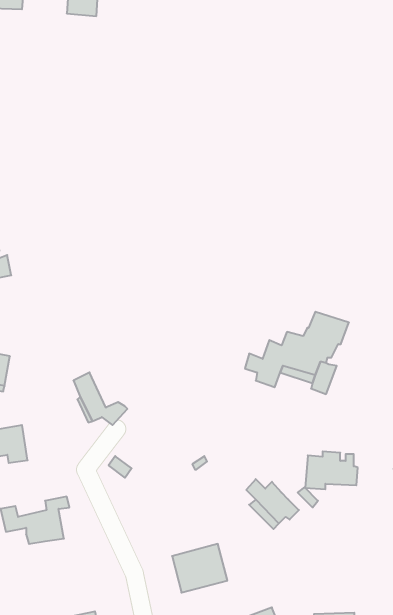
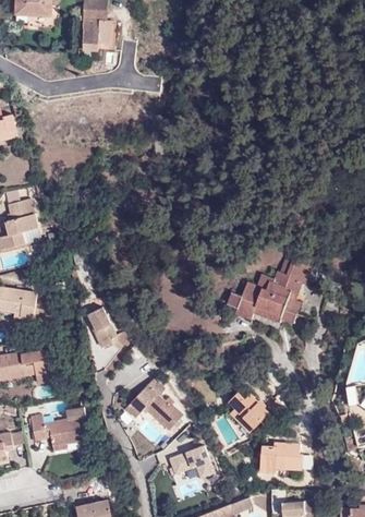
building: none -> [83,17,111,49]
building: [305,451,358,489] -> [259,444,302,474]
building: none -> [125,380,183,431]

